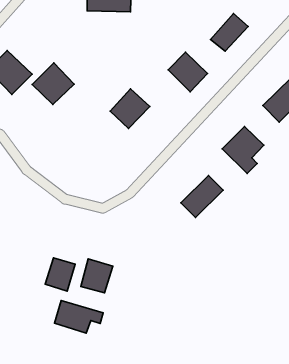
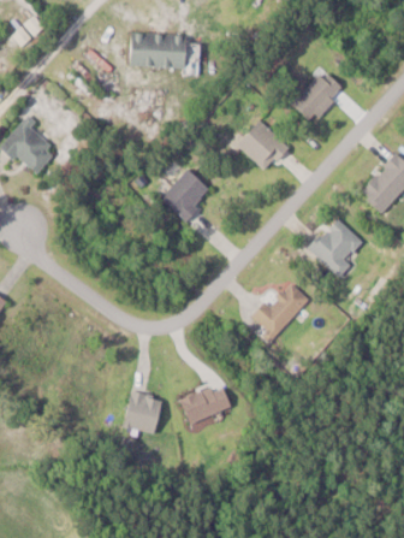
building: [32,63,74,104] -> none
building: none -> [179,384,231,424]
building: [45,258,75,291] -> none
building: [54,300,103,333] -> none

